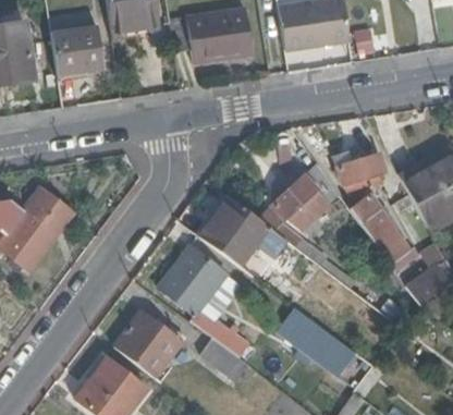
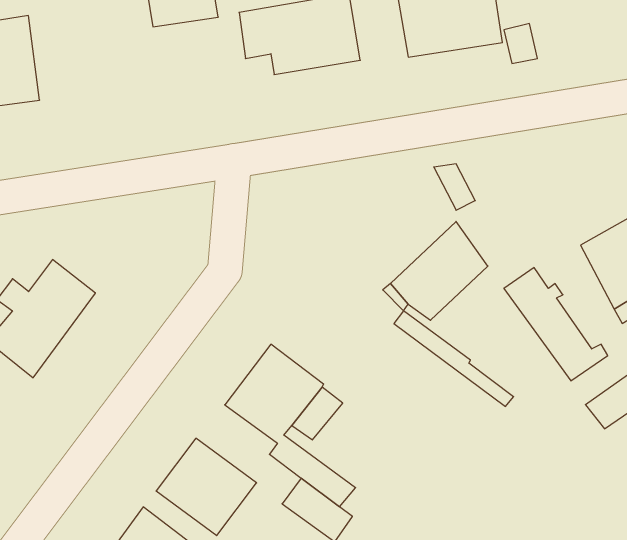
building: [50,26,102,75] -> none
building: [336,152,385,192] -> none
building: [198,197,269,266] -> none
building: [280,309,355,375] -> none

